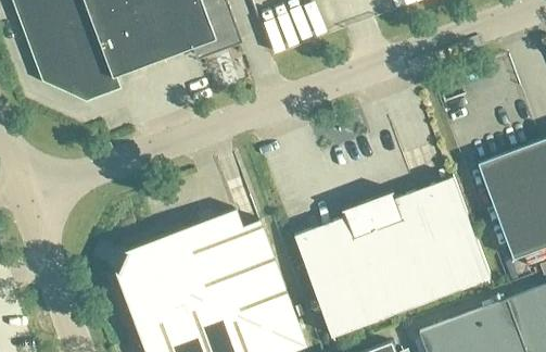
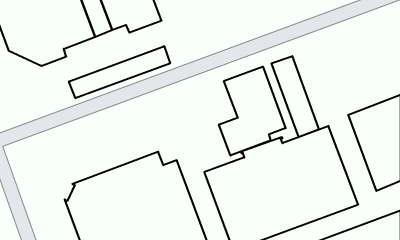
building: none -> [69,46,170,98]
building: none -> [272,56,319,137]
building: none -> [219,67,286,156]

